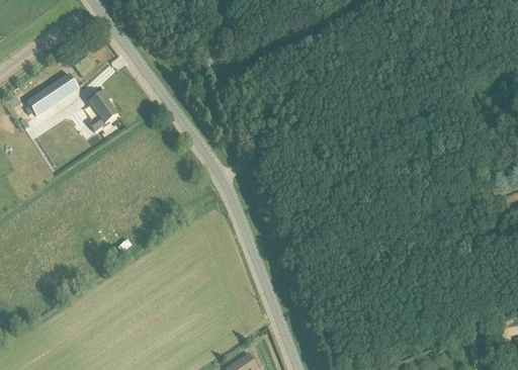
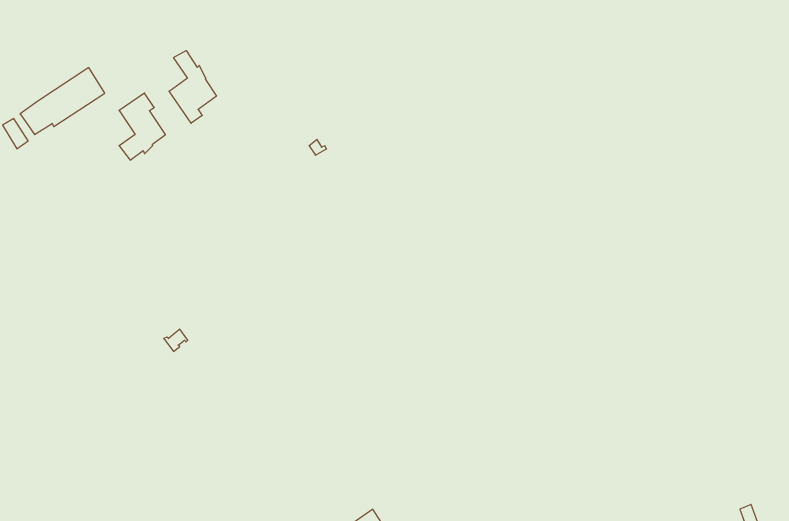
building: none -> [169,51,216,123]

